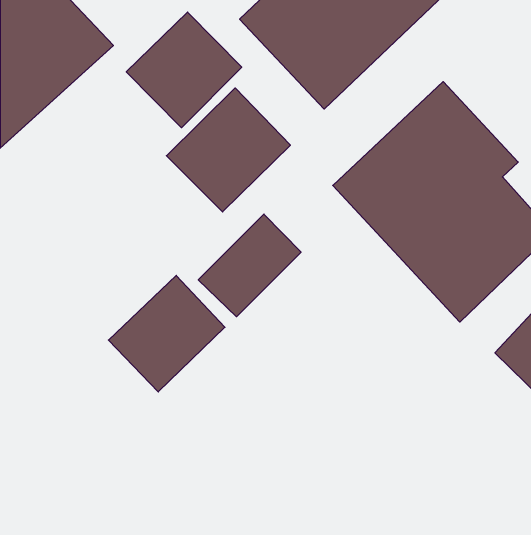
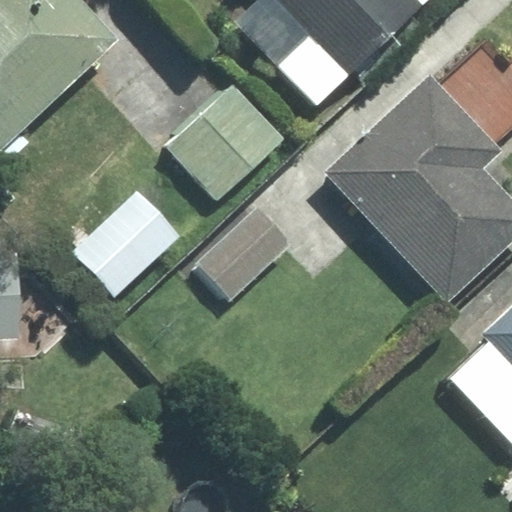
building: [126,12,242,128] -> none
building: [108,275,225,392] -> [68,187,178,297]

